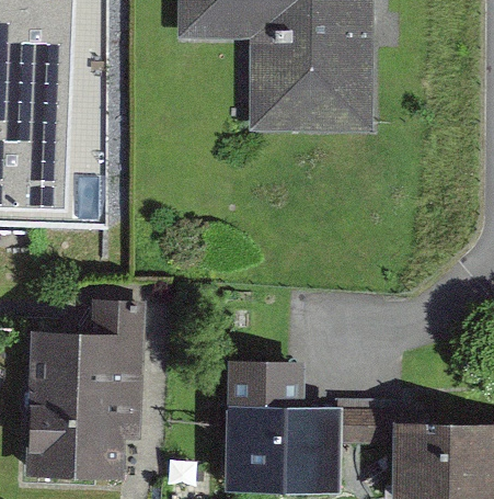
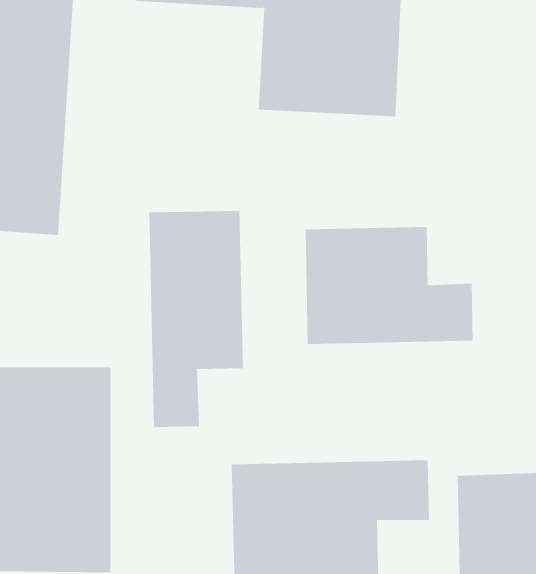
building: none -> [149,210,243,428]
building: none -> [305,226,473,345]

